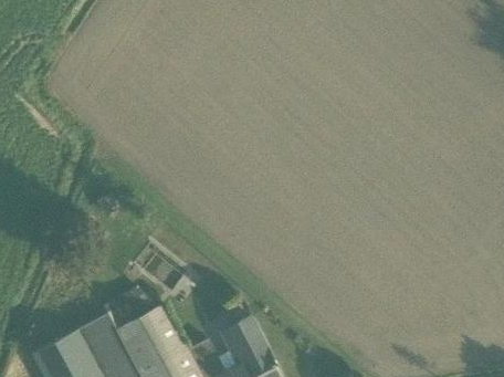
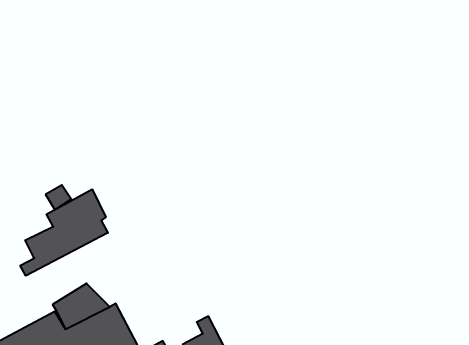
building: none -> [20,189,108,276]

